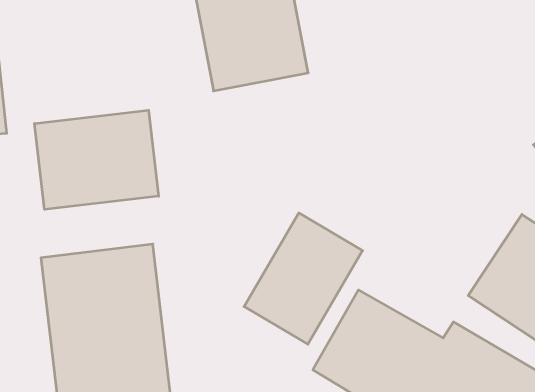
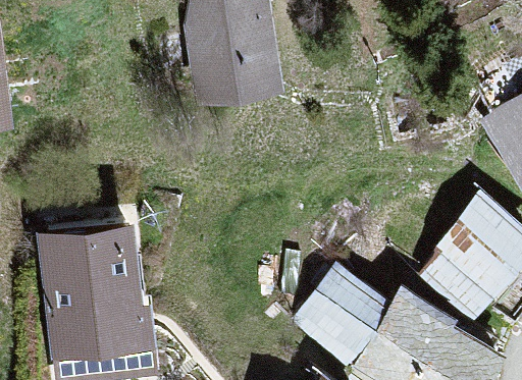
building: [35,110,159,209] -> none
building: [244,213,363,344] -> none

